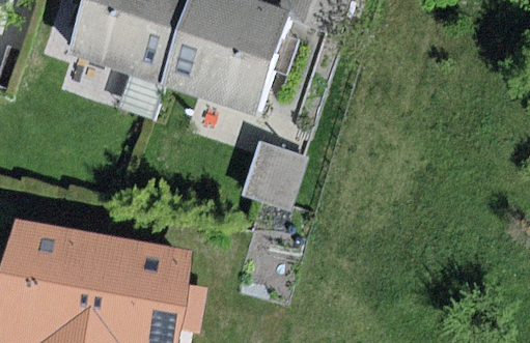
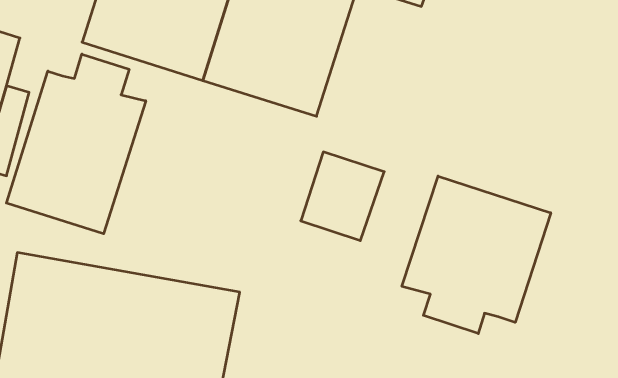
building: none -> [6,54,146,234]
building: none -> [402,176,551,334]

